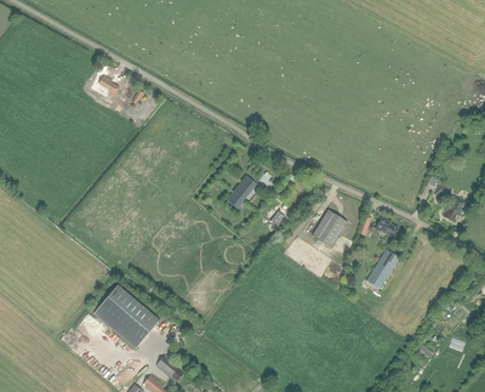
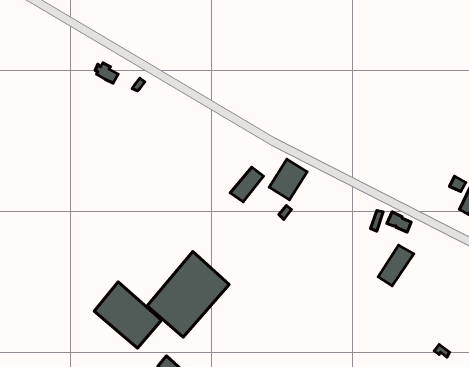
building: [310,209,347,248] -> [269,159,307,200]
building: none -> [147,252,229,337]

